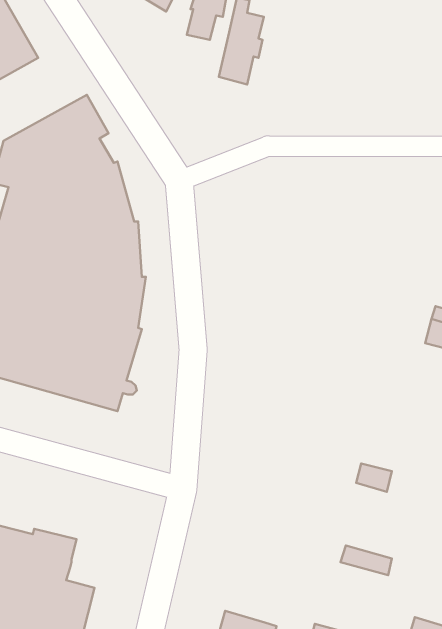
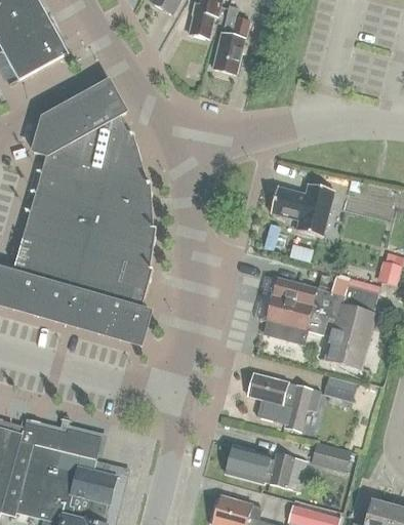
building: none -> [270,184,334,238]
building: none -> [261,277,378,368]
building: none -> [247,373,320,432]
building: none -> [225,445,306,491]

